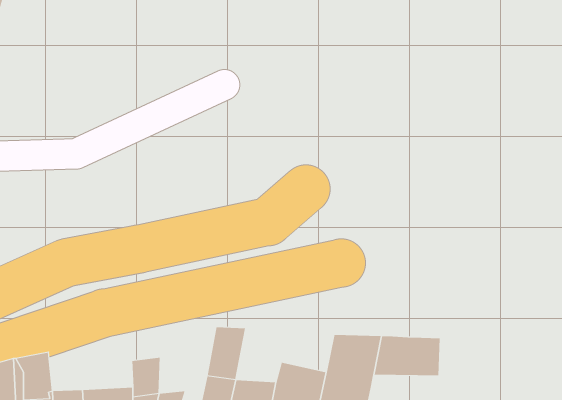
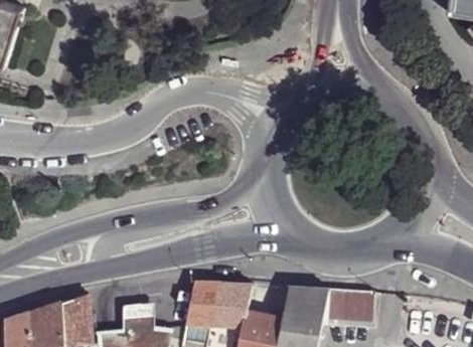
building: none -> [209,284,251,327]
building: none -> [59,296,87,334]

